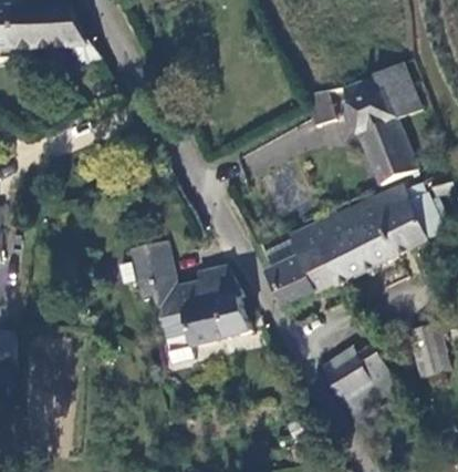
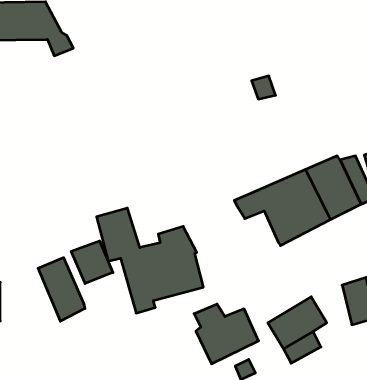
building: [343,62,421,184] -> none
building: [262,239,336,308] -> [194,304,259,364]
building: none -> [71,241,113,284]
building: none -> [38,258,85,321]

